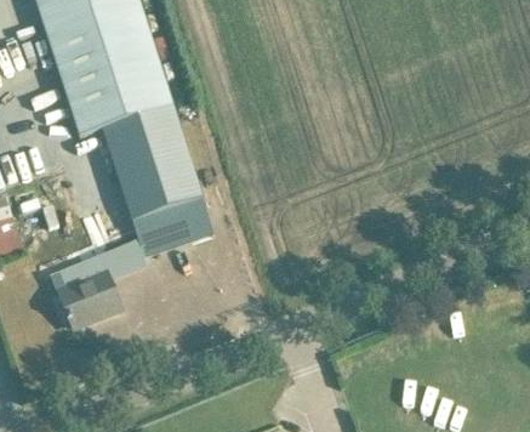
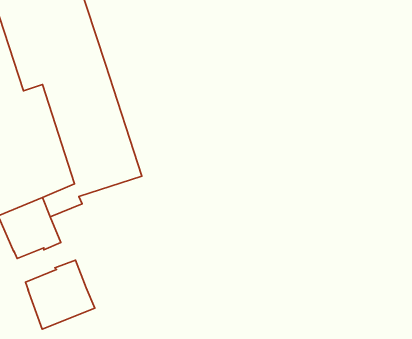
building: none -> [26,260,95,329]

